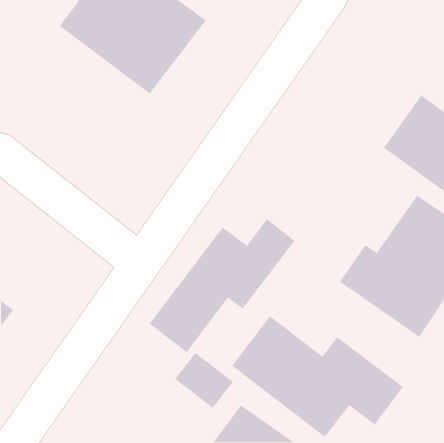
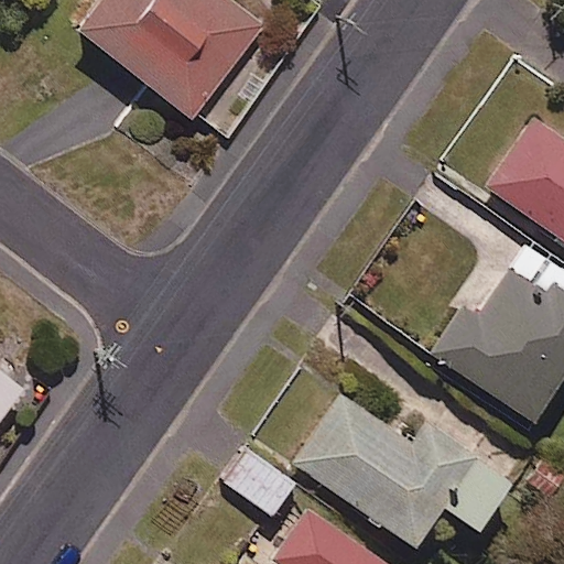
building: [148,218,296,353] -> none

